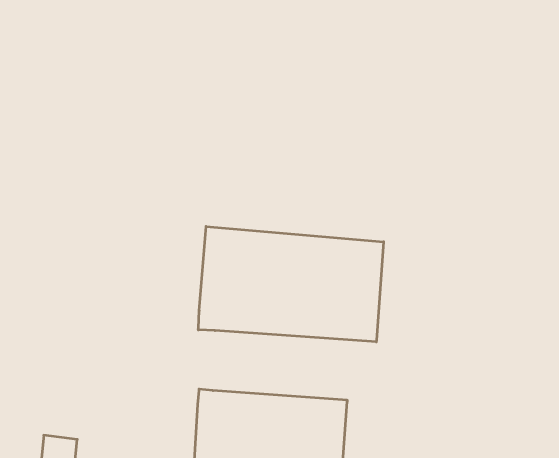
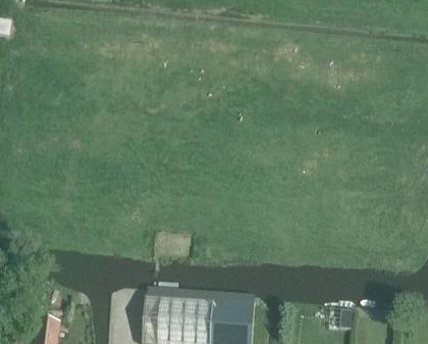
building: [198,226,384,342] -> none

